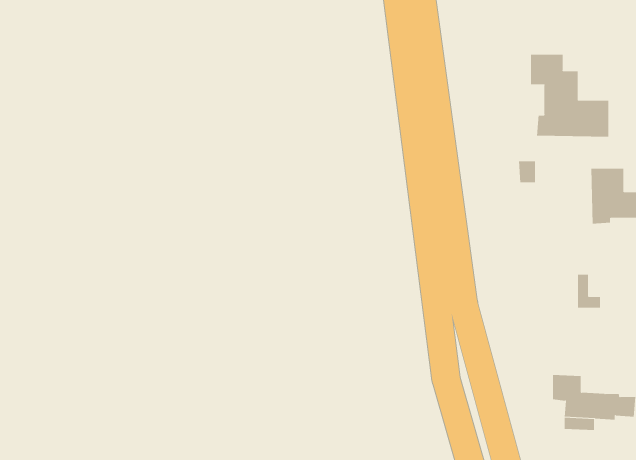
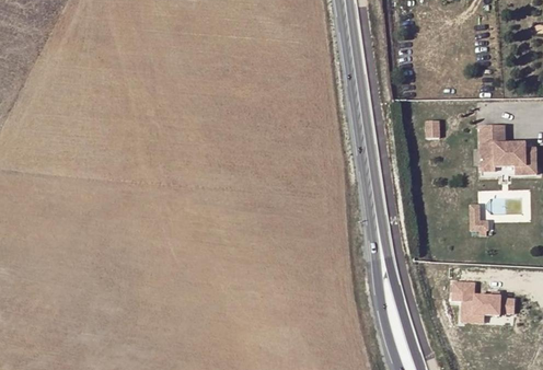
building: [531,54,609,138] -> none

